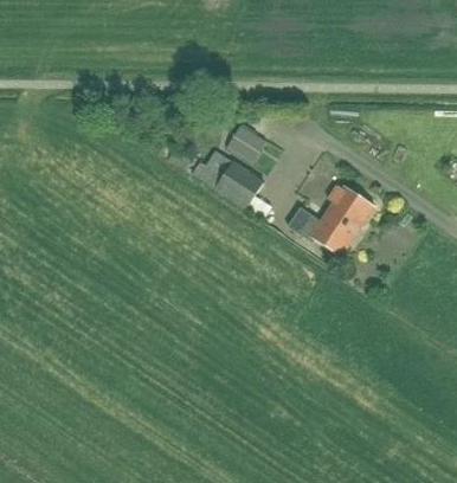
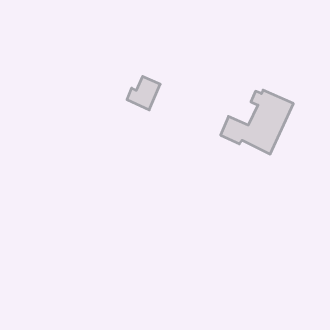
building: [227,123,268,161] -> none
building: [215,162,264,208] -> none

